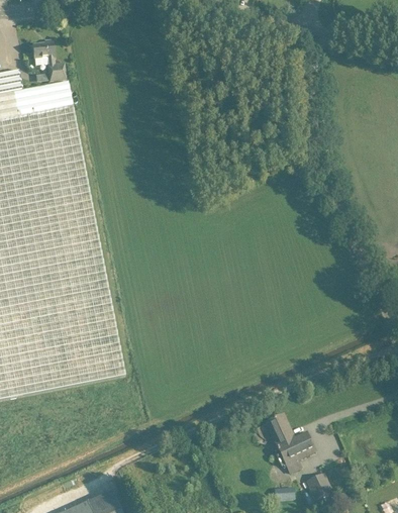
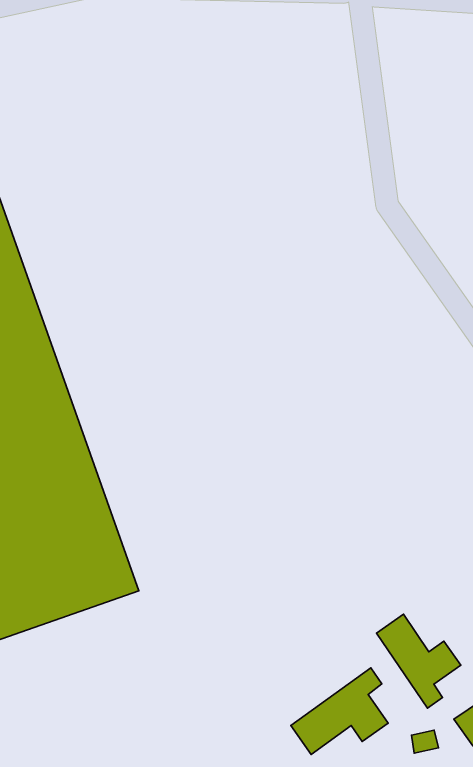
building: none -> [291,668,388,754]

